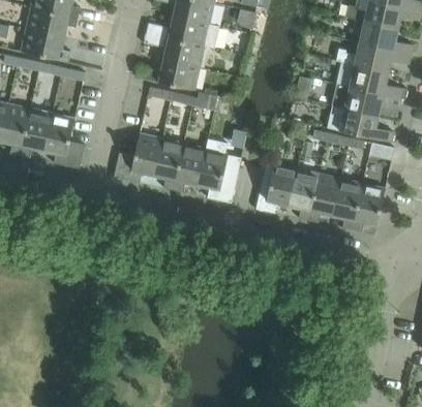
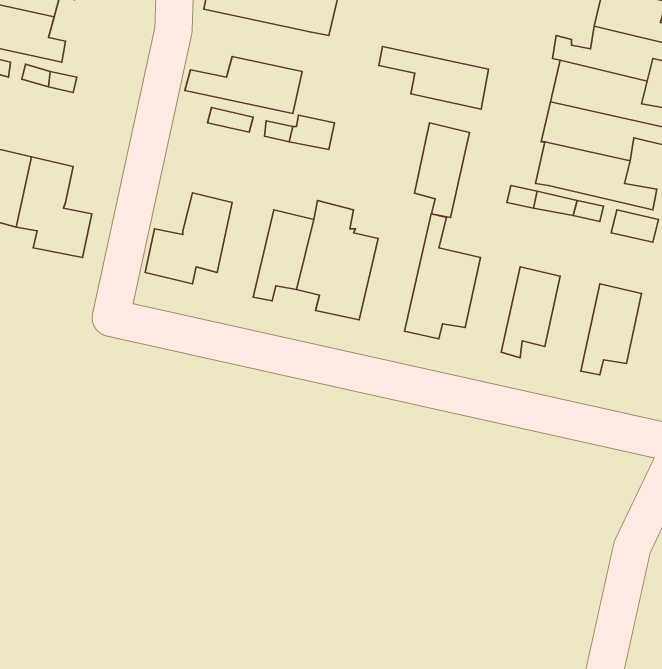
building: [144,33,204,67] -> [379,47,489,109]
building: [153,138,184,190] -> none
building: [289,168,319,220] -> [414,123,469,218]
building: [332,179,362,230] -> none

